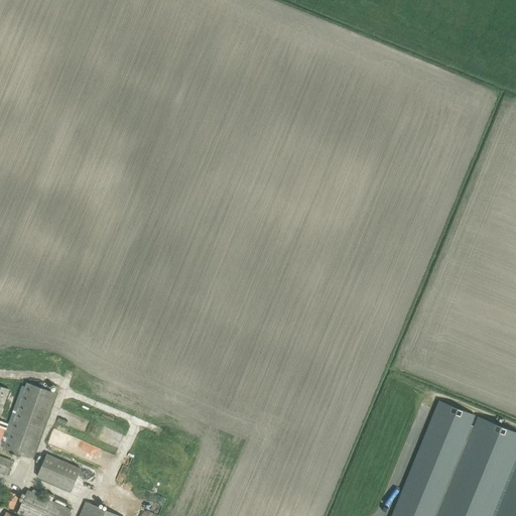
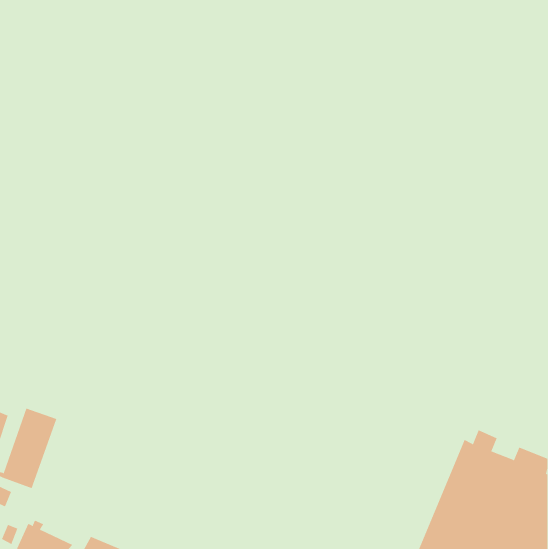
building: [35,455,80,493] -> none

